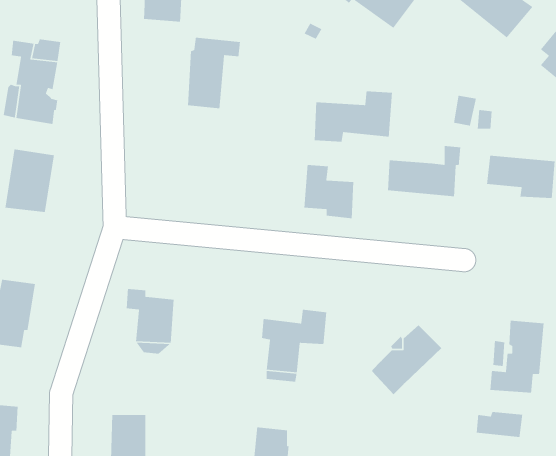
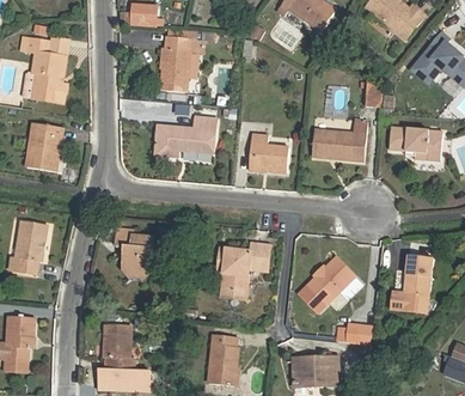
building: [314,90,393,142] -> [155,117,215,157]
building: [476,411,523,438] -> [337,324,373,345]

